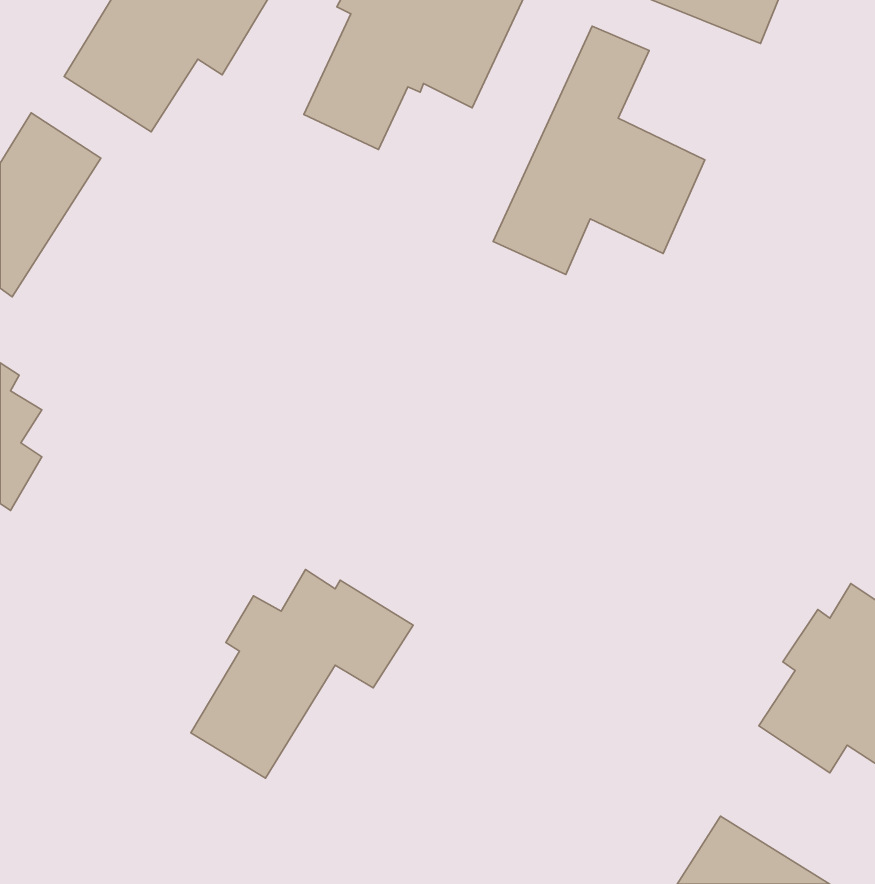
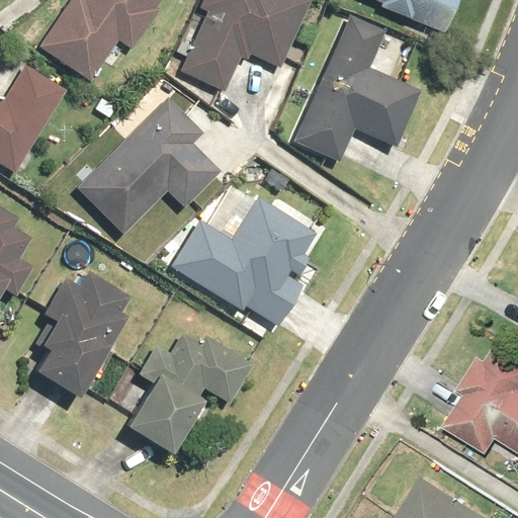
building: none -> [75,99,219,234]
building: none -> [169,199,318,323]
building: none -> [26,272,128,400]

